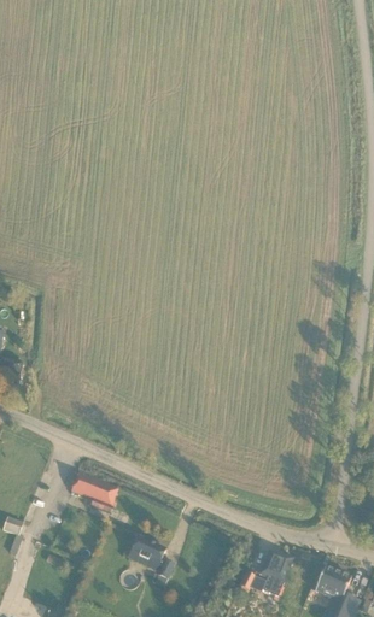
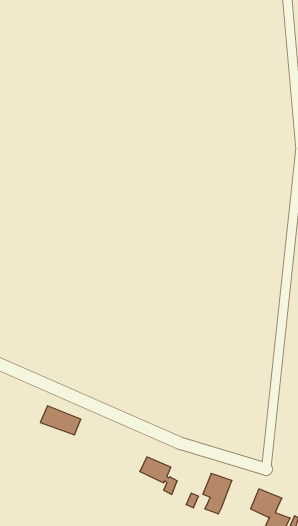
building: [128,536,171,580] -> [140,457,177,494]

